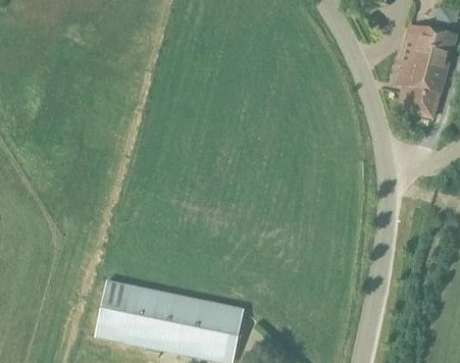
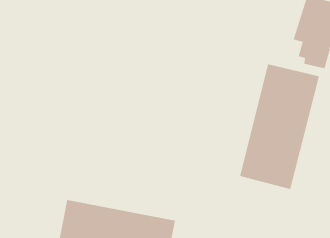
building: none -> [239,63,319,190]

